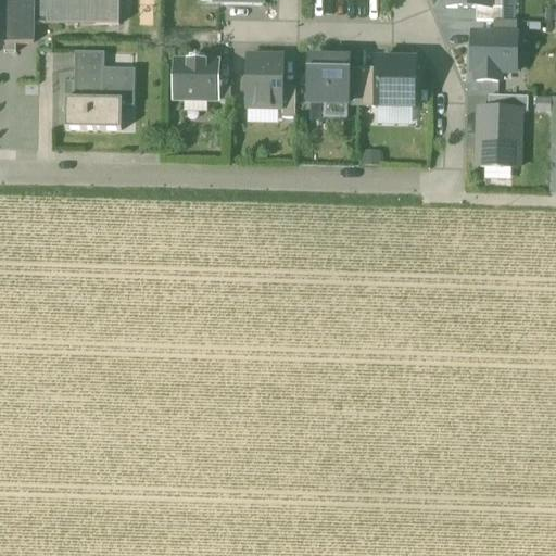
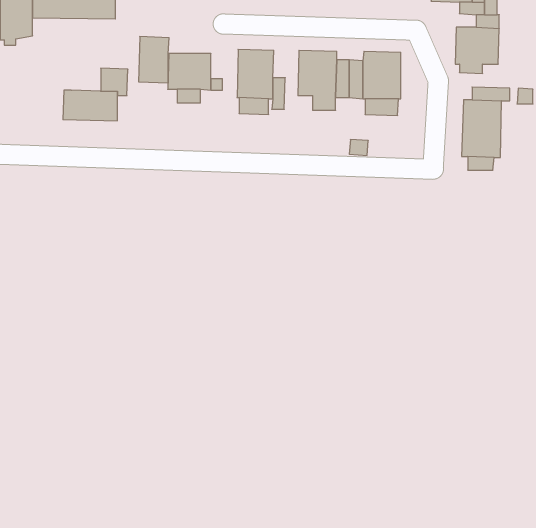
building: [74,47,105,94] -> [139,37,169,83]

